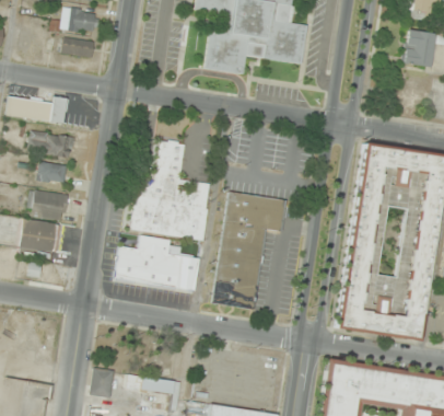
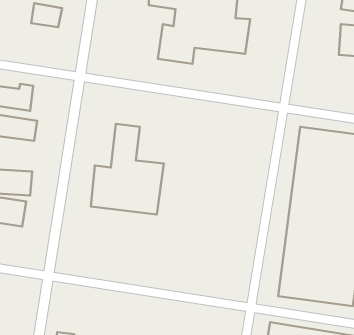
building: [61,36,96,58] -> none
building: [38,162,68,184] -> none
building: [214,192,287,310] -> none
building: [115,235,200,291] -> none

